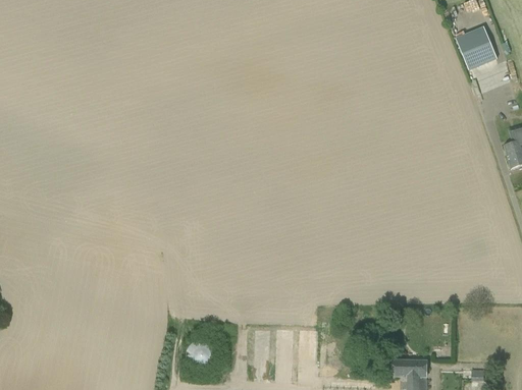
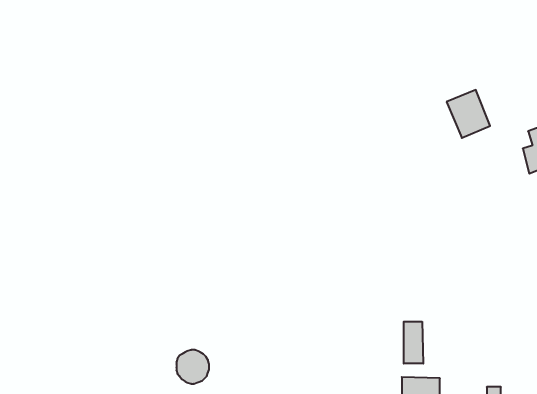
building: [456,26,497,71] -> [447,90,490,138]
building: none -> [404,322,423,364]

